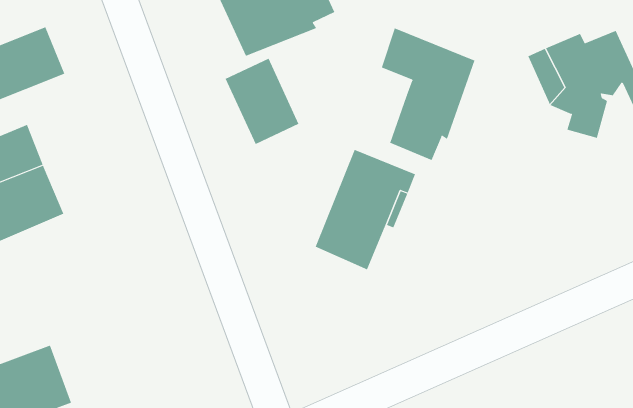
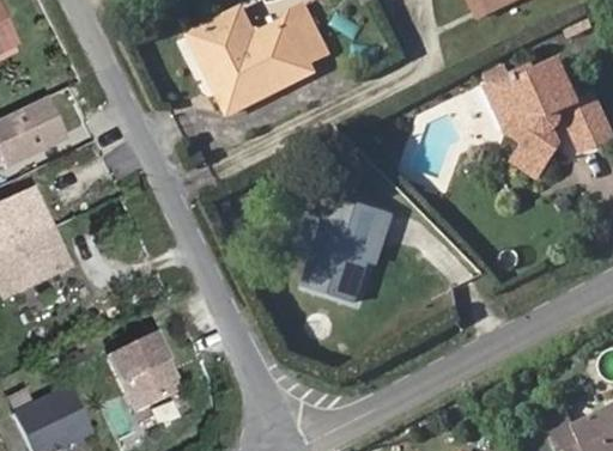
building: [381,27,475,161] -> none
building: [225,58,299,145] -> none
building: none -> [107,334,182,414]

